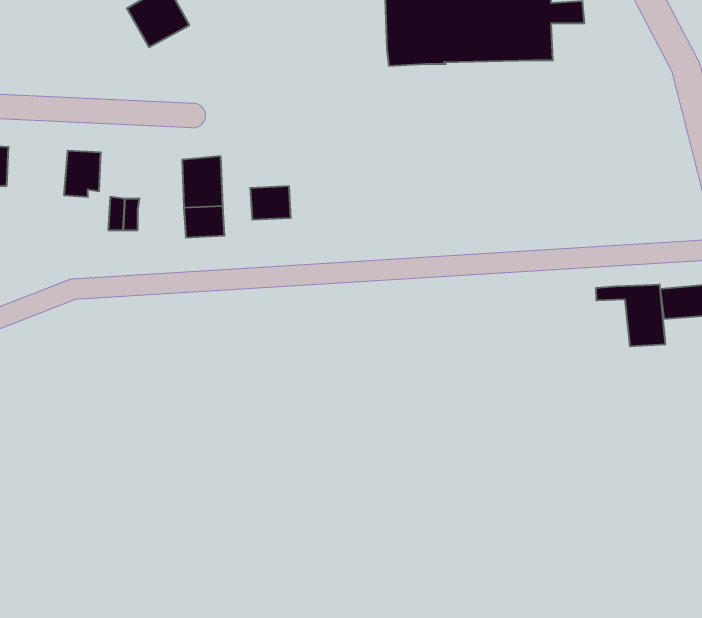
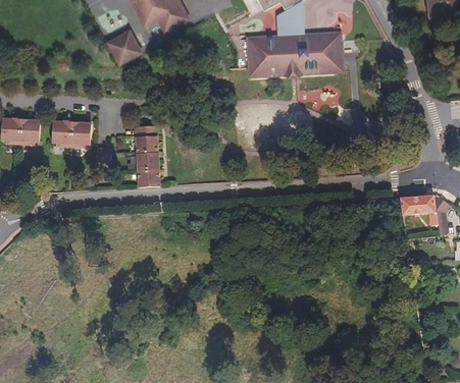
building: none -> [52,120,72,147]
building: [250,186,291,220] -> [138,169,160,187]
building: [596,284,665,347] -> none

